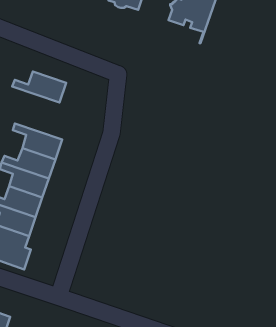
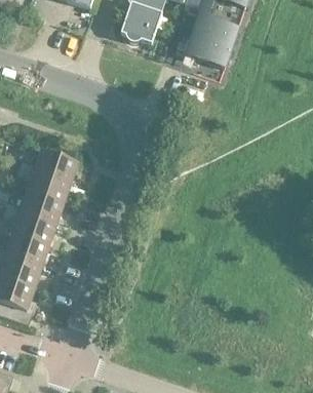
building: [12,71,66,103] -> [17,151,76,185]

